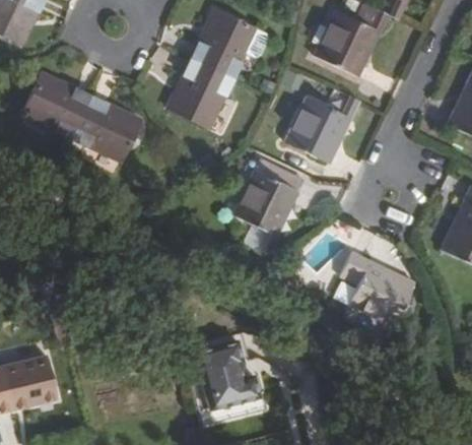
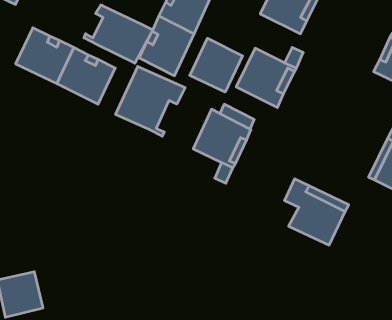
building: none -> [84,5,153,63]
building: none -> [190,38,243,92]
building: none -> [116,66,185,136]
building: [193,342,257,411] -> none

